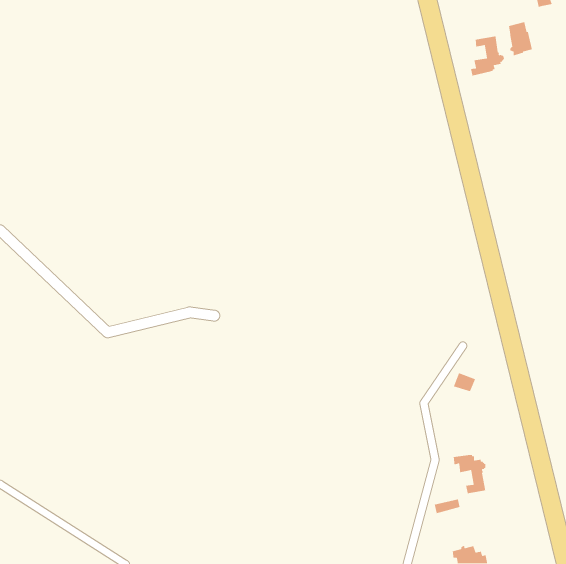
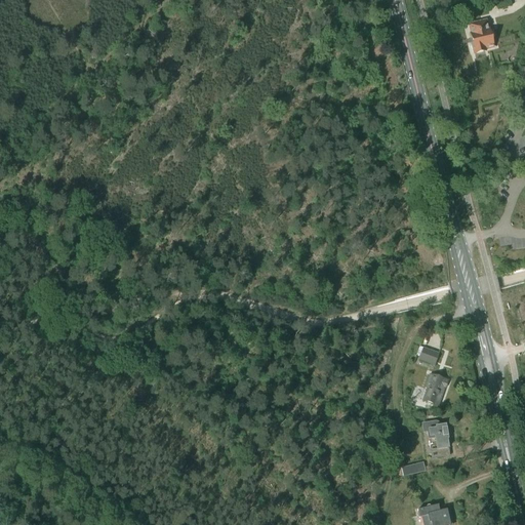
building: [470,35,505,76] -> none
building: none -> [423,374,448,404]

